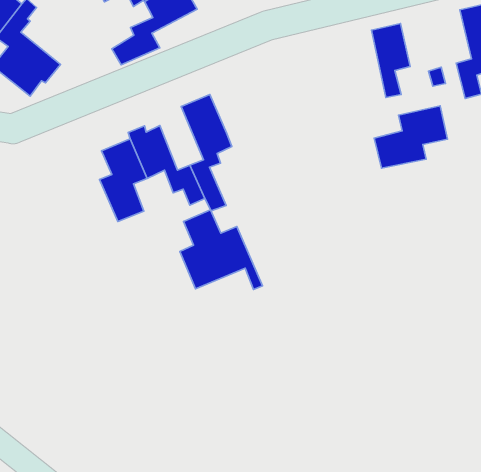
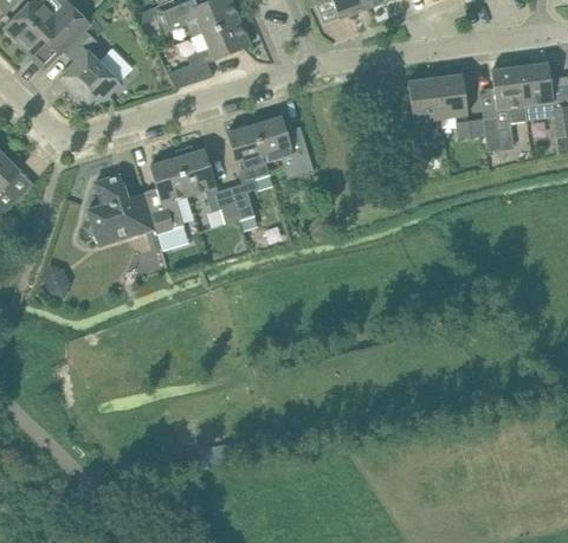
building: none -> [435,73,469,117]
building: none -> [254,115,314,179]
building: [374,106,448,168] -> none
building: [180,210,262,289] -> [89,174,161,251]

